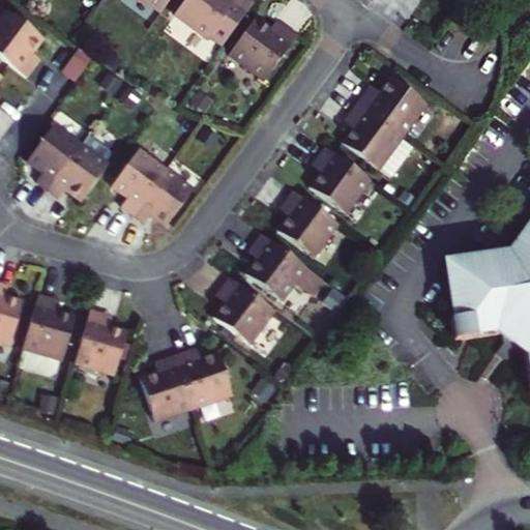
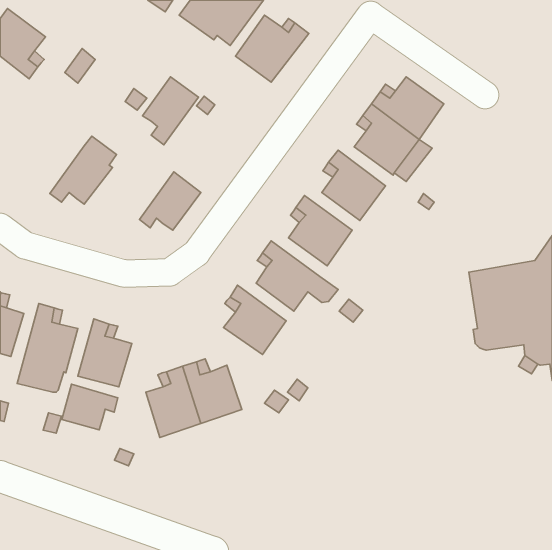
building: [28,122,81,187] -> none
building: [113,147,167,212] -> [142,77,199,145]
building: none -> [62,384,118,430]

